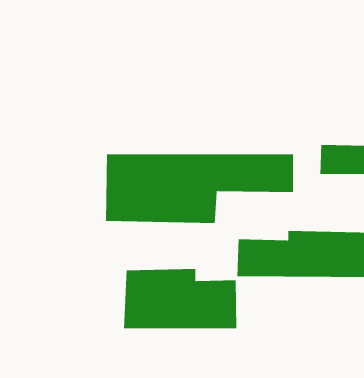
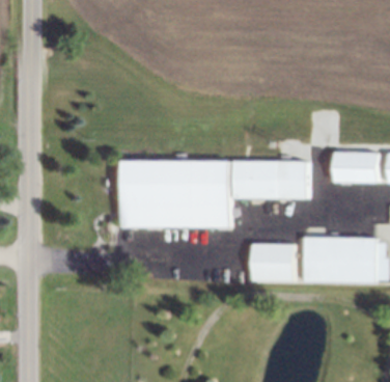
building: [123,268,237,329] -> none

